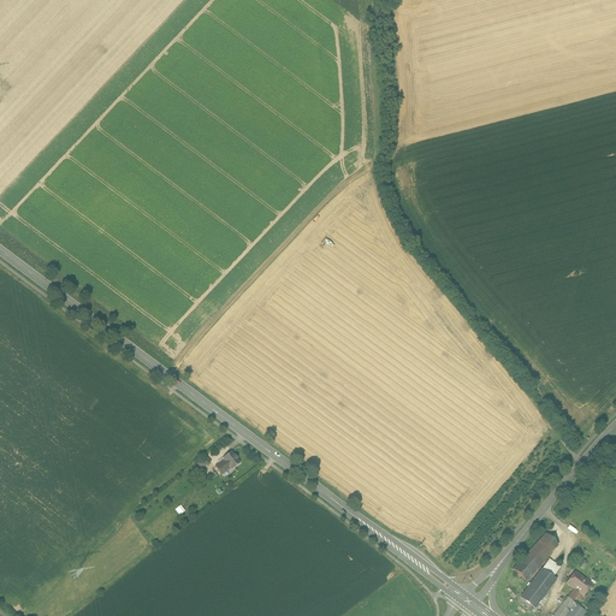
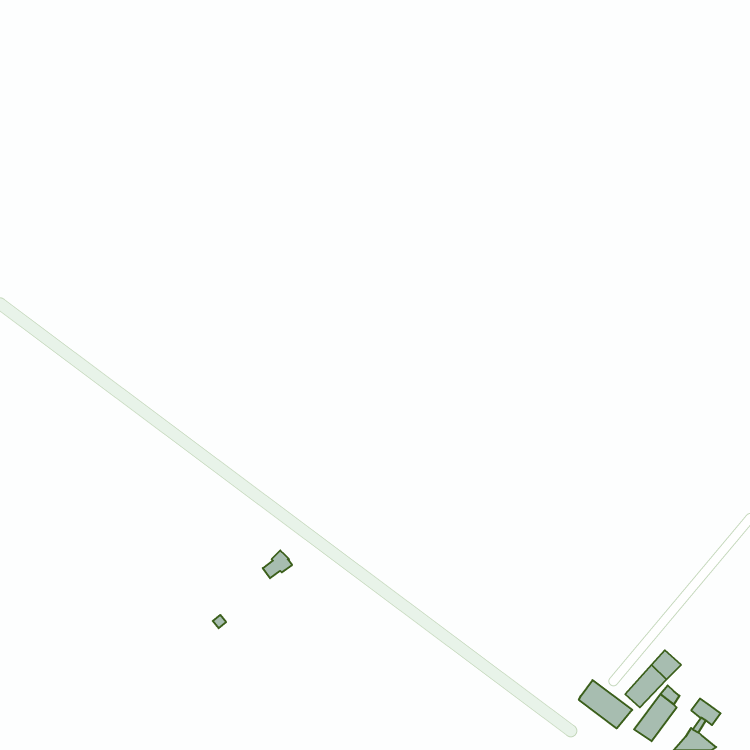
building: none -> [579,680,632,728]

